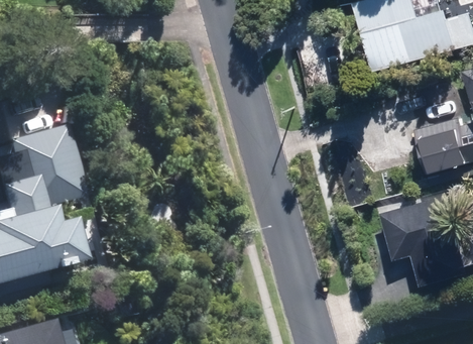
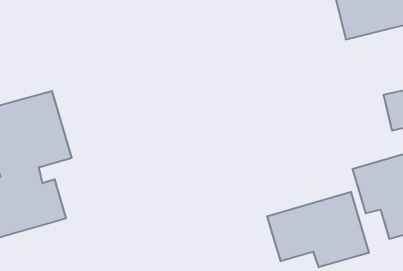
building: none -> [267,192,369,267]

